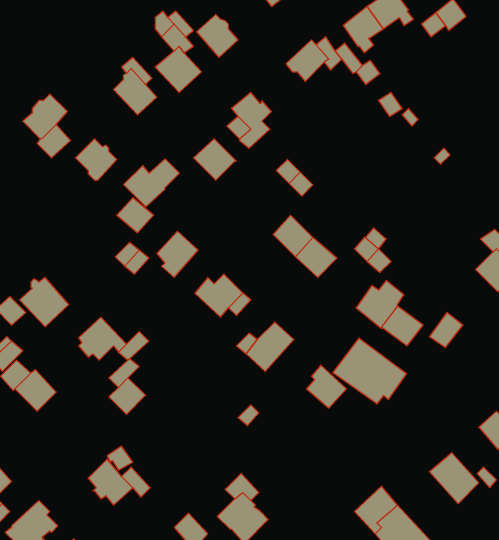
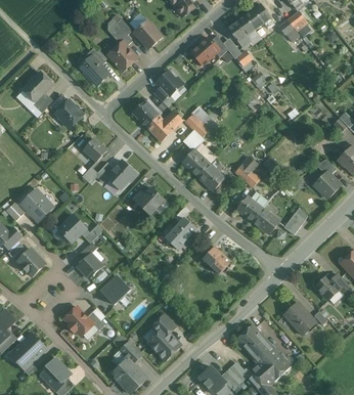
building: [124,159,179,207] -> [146,111,182,141]
building: [333,338,406,404] -> none
building: none -> [101,275,130,304]

